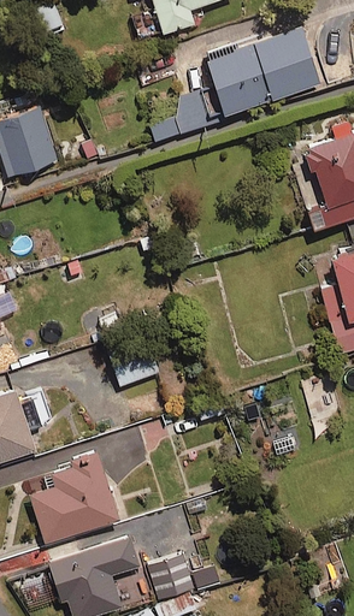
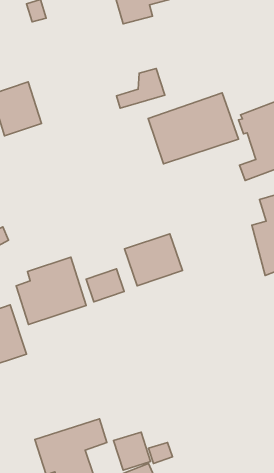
building: [206,28,320,118] -> [148,93,238,164]
building: none -> [124,234,182,286]
building: [31,458,120,544] -> [16,257,86,325]

